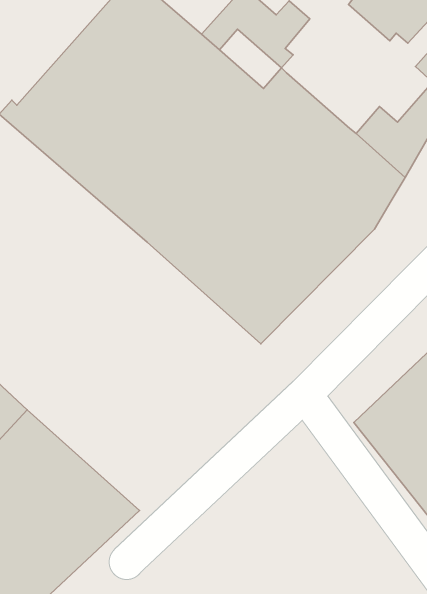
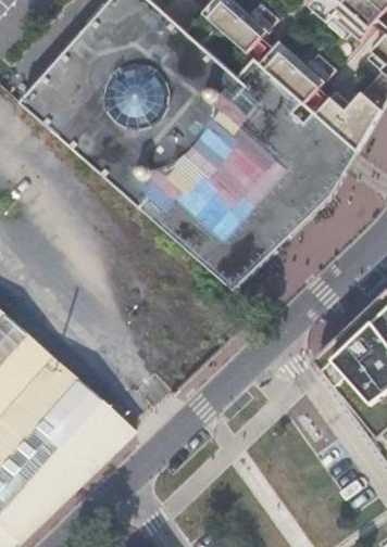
building: none -> [260,40,337,110]

